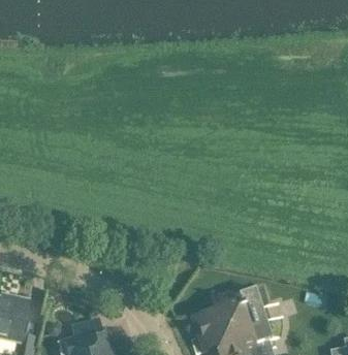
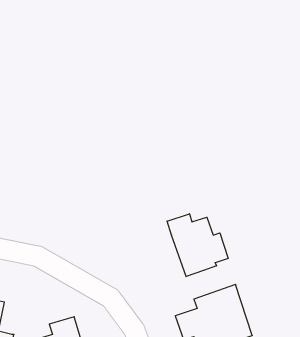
building: none -> [167,214,228,277]

